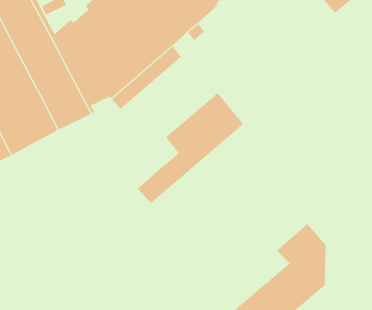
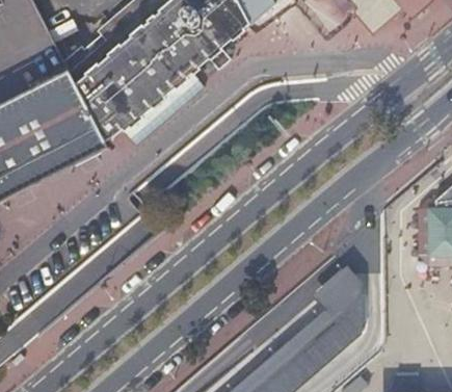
building: [137,92,244,204] -> none

